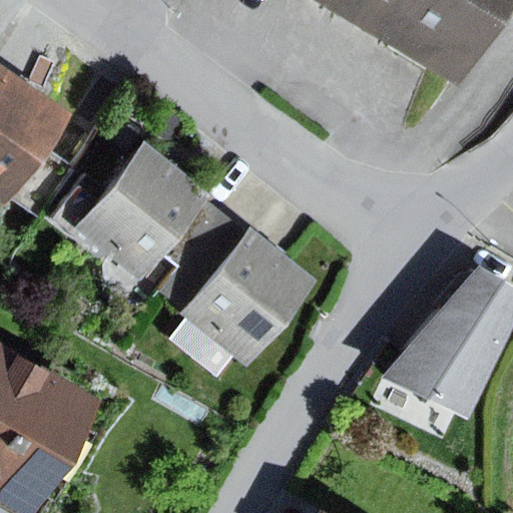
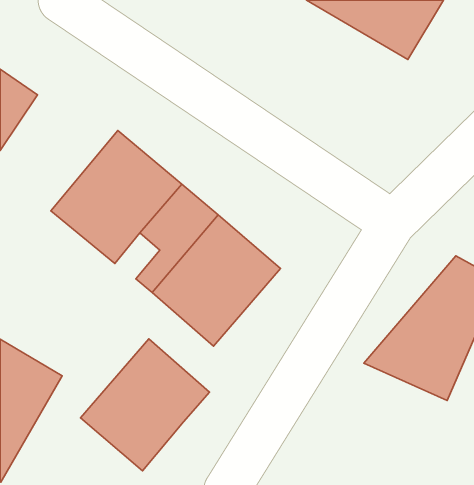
building: none -> [81,339,210,471]

